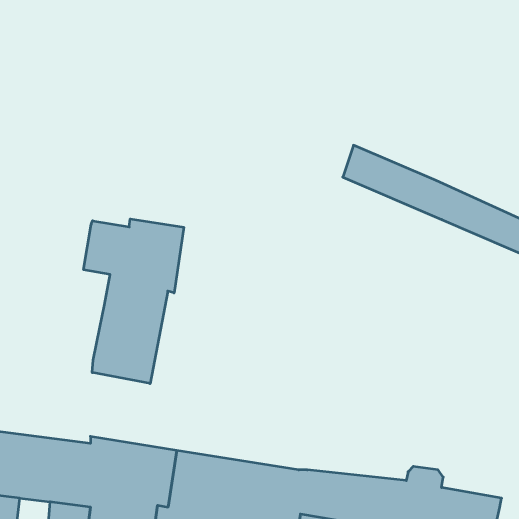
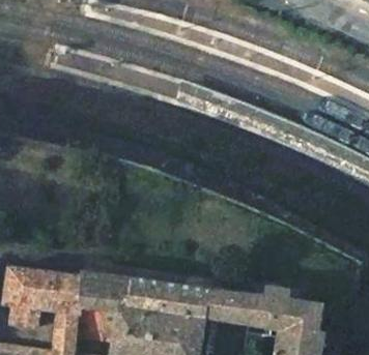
building: [84,219,184,384] -> none

